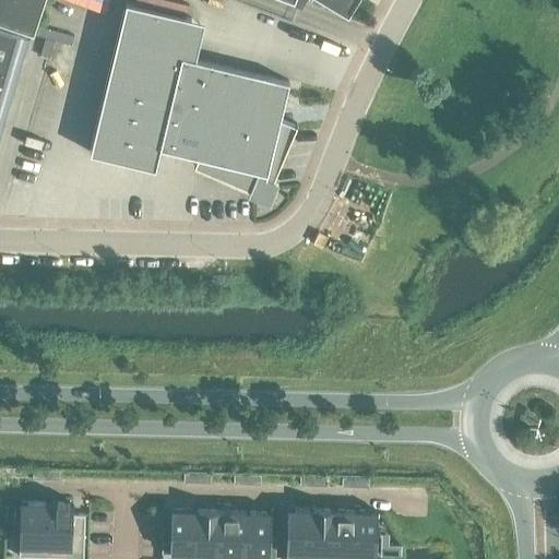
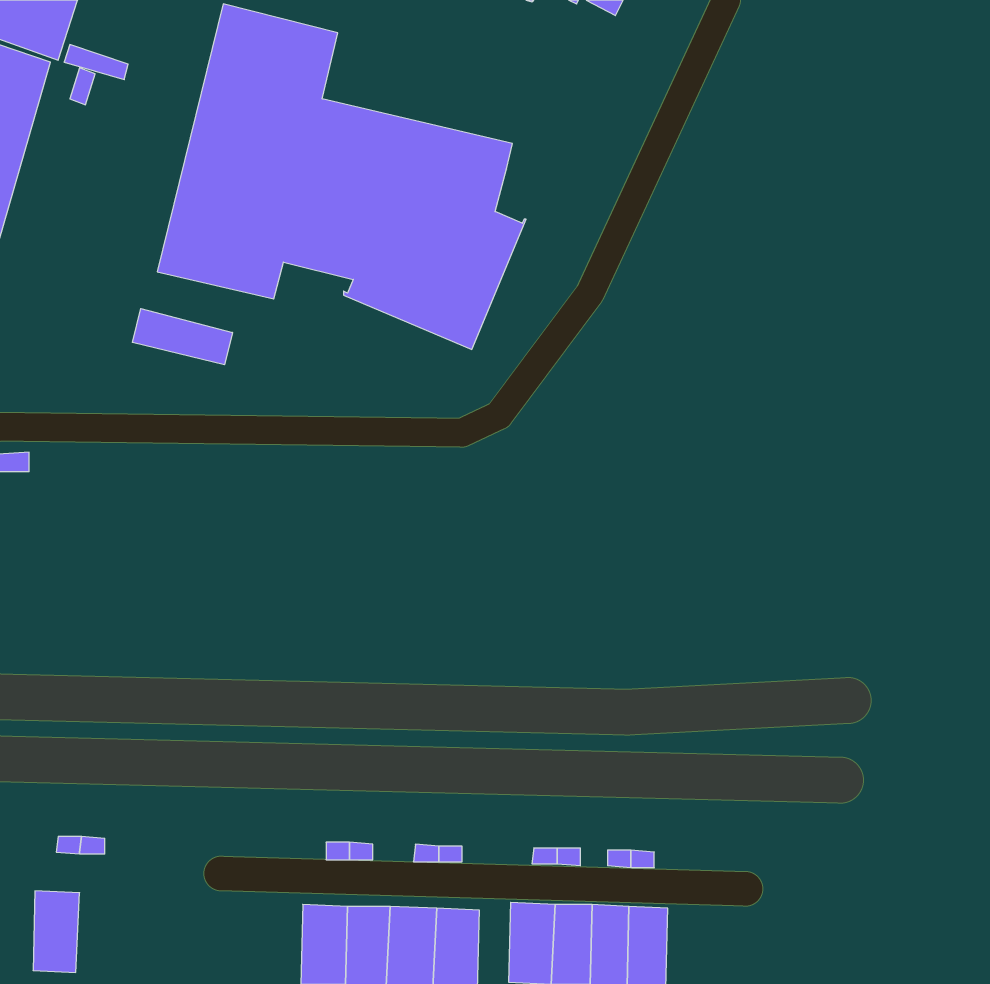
building: none -> [132,309,232,365]
building: [43,507,72,551] -> none

